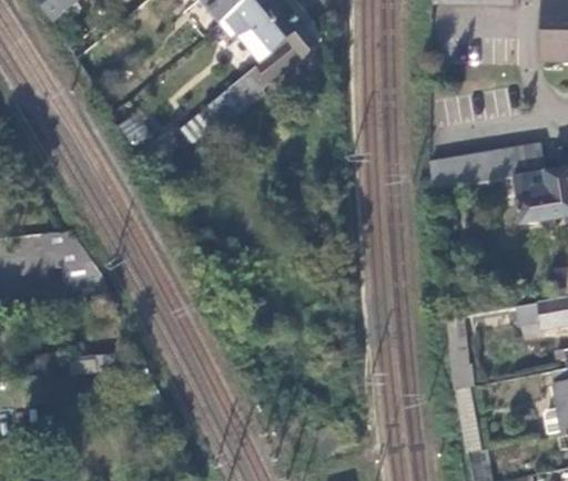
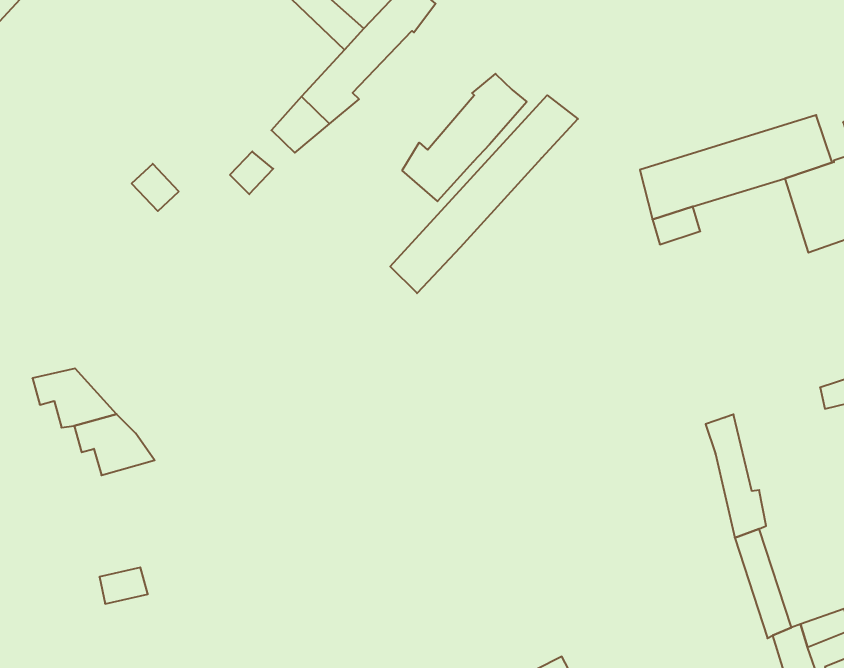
building: none -> [402,74,527,201]
building: none -> [390,95,578,293]

